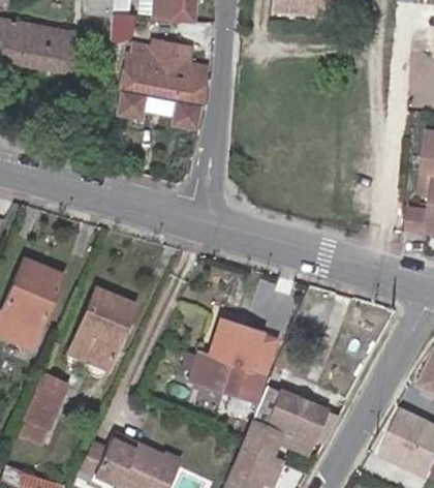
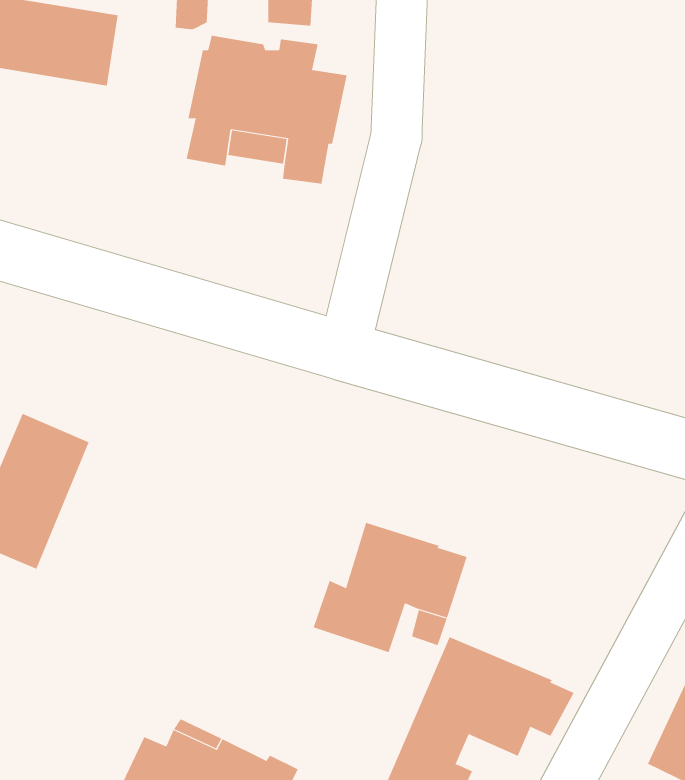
building: [69,288,135,369] -> none
building: [20,374,67,444] -> none

